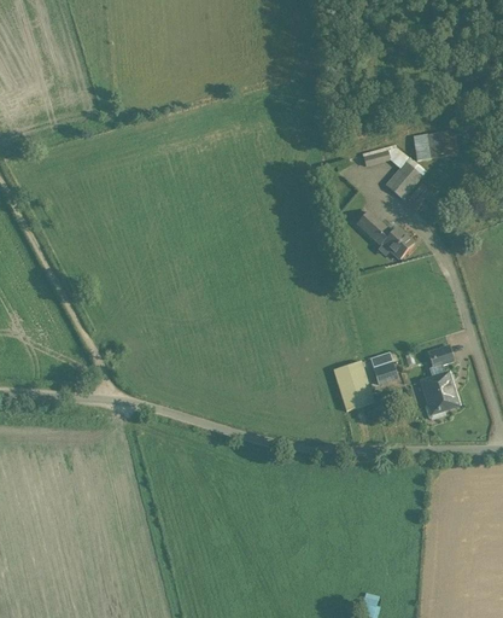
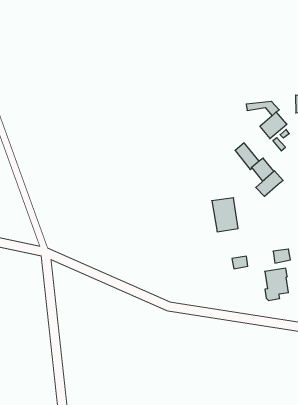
building: none -> [256,171,283,196]
building: [332,360,373,409] -> [212,198,238,232]

